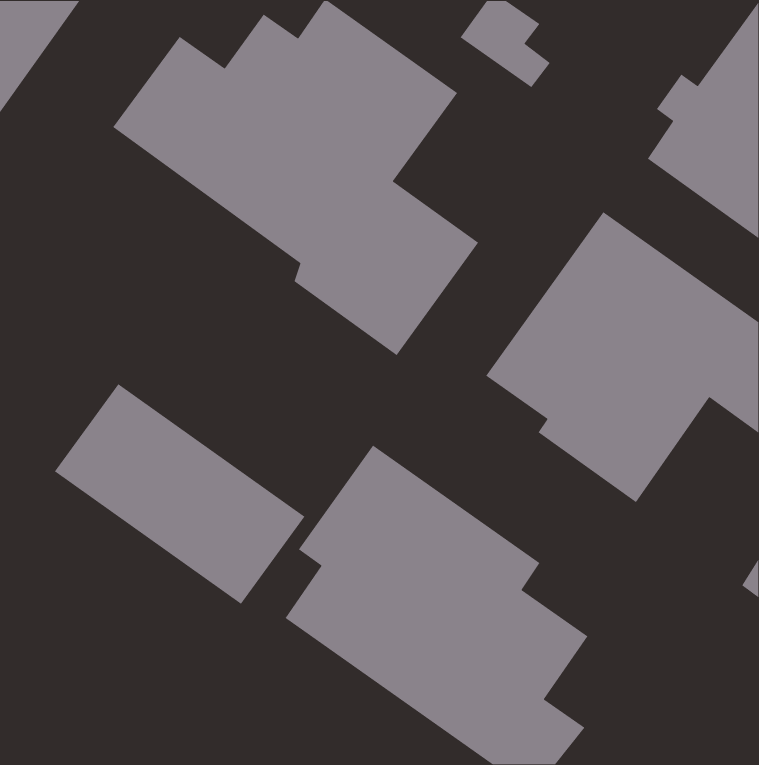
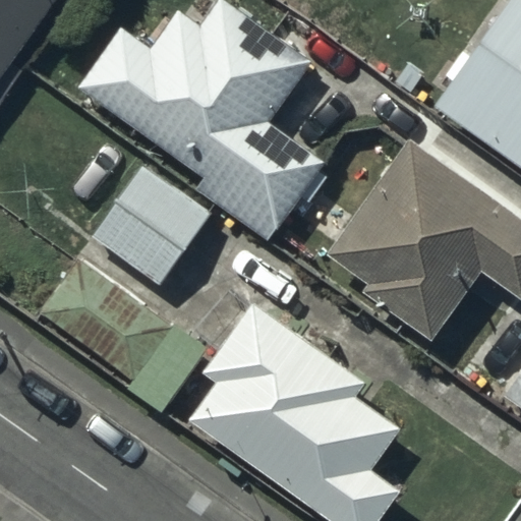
building: none -> [93,167,210,284]

